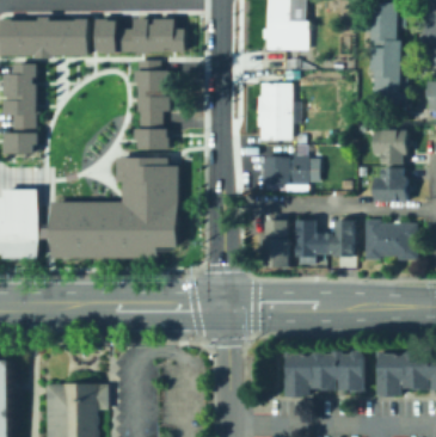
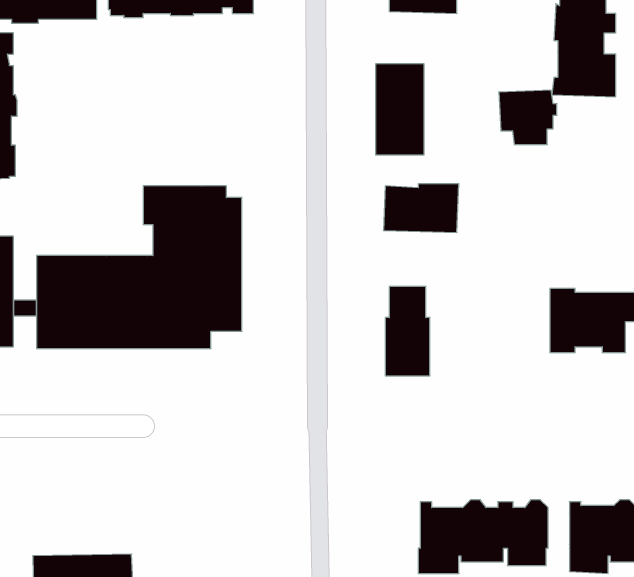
building: [131,61,168,149] -> none
building: [374,130,410,164] -> [499,90,557,144]
building: [375,168,410,202] -> none
building: [295,221,355,258] -> none

